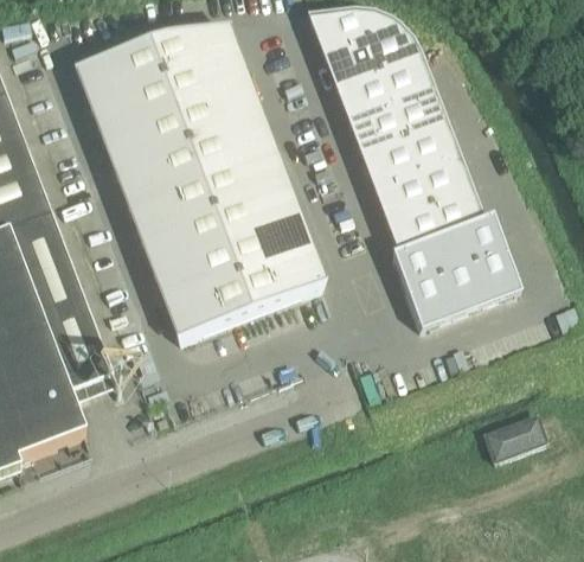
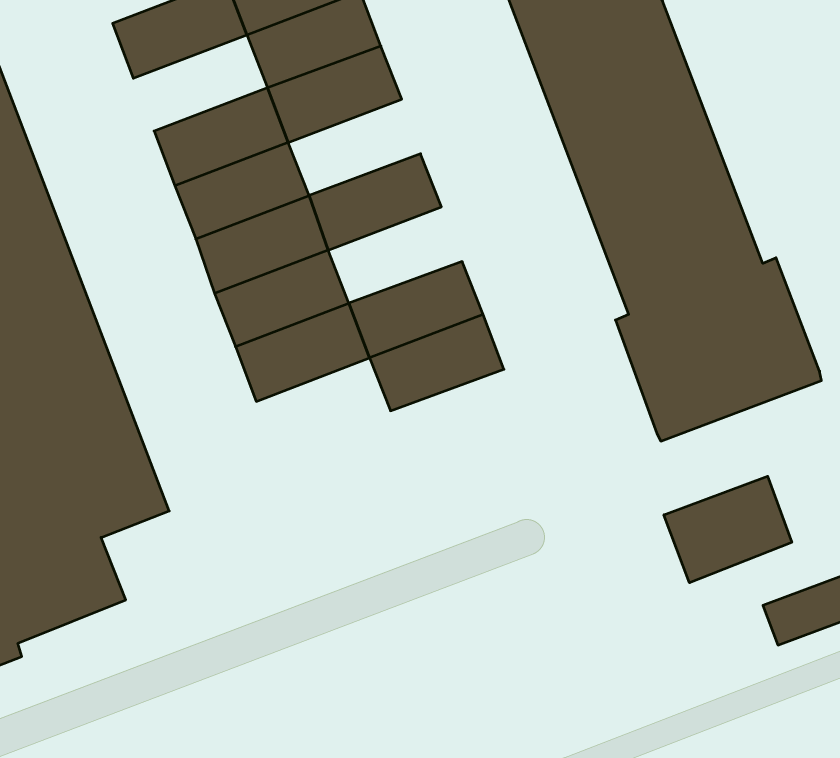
building: [90,72,174,133] -> none
building: [187,113,270,173] -> none
building: [212,180,296,241] -> none
building: [167,275,251,336] -> none
building: none -> [664,476,792,583]

